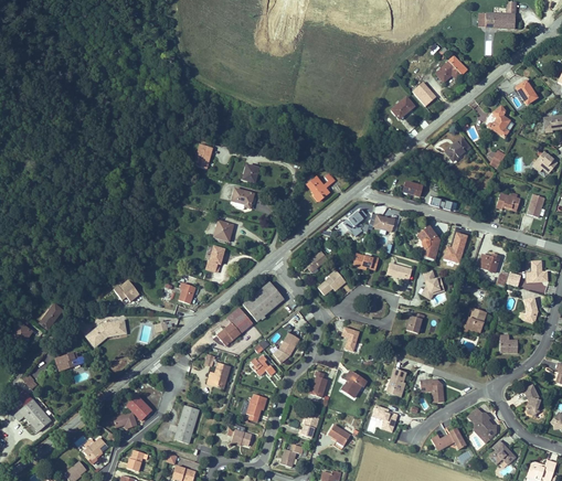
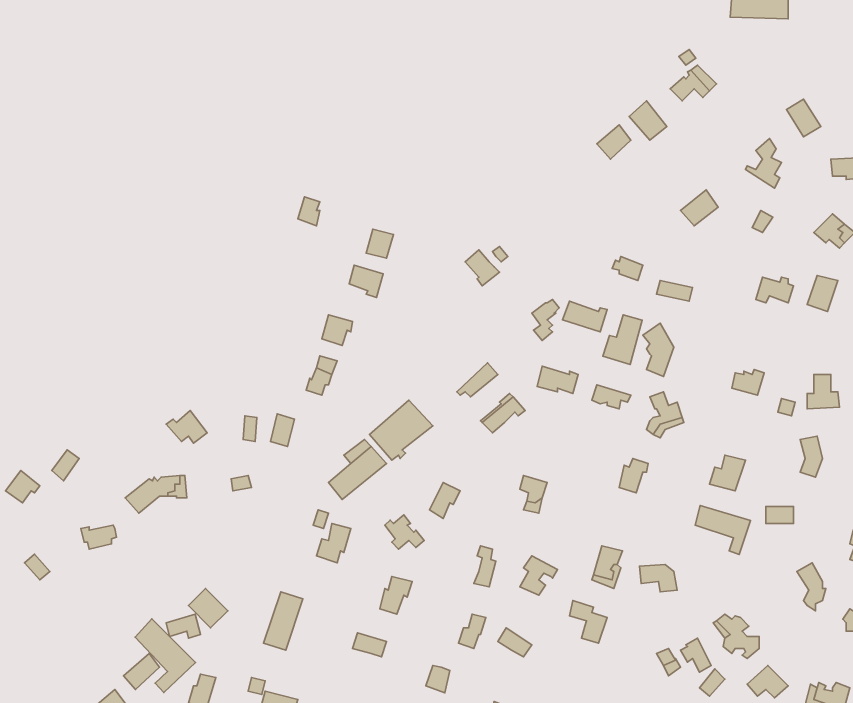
building: [442,233,467,265] -> [603,315,642,365]
building: none -> [695,505,751,554]
building: [13,388,51,431] -> none
building: none -> [135,619,196,692]

